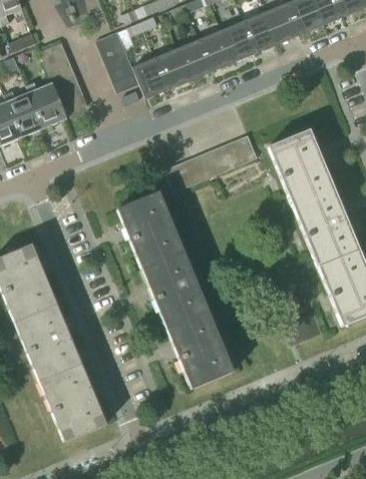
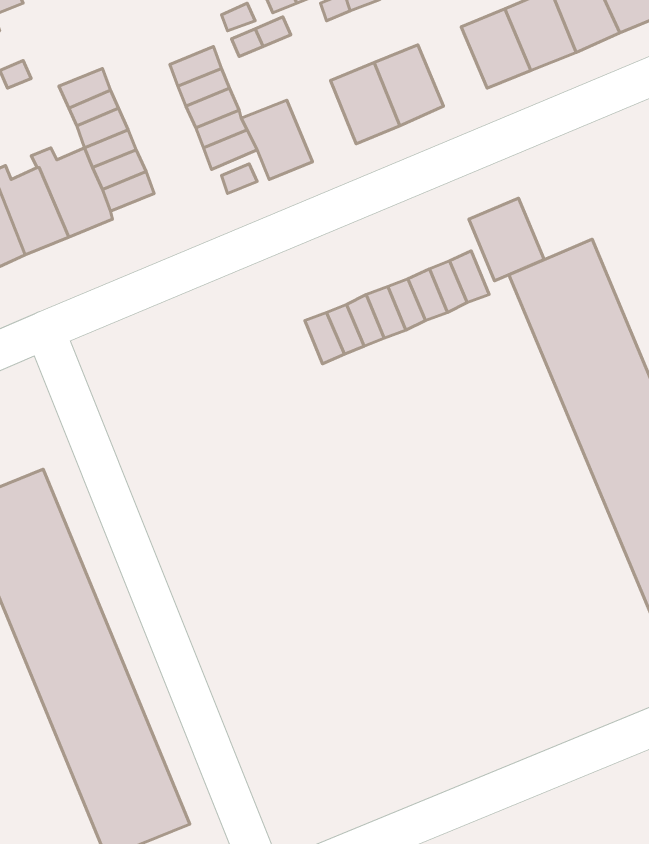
building: [222,20,257,60] -> none
building: [155,47,191,88] -> none
building: none -> [469,198,544,281]
building: [117,190,234,388] -> none

